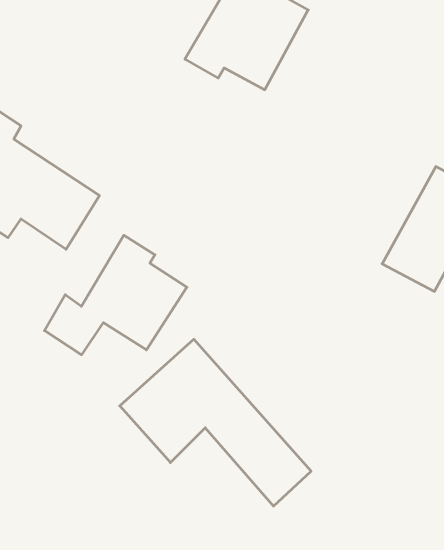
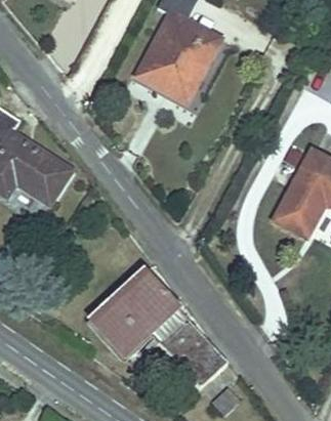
building: [44,235,187,355] -> none

